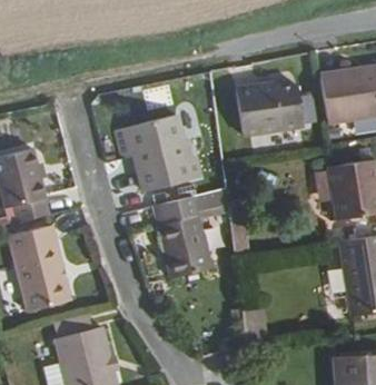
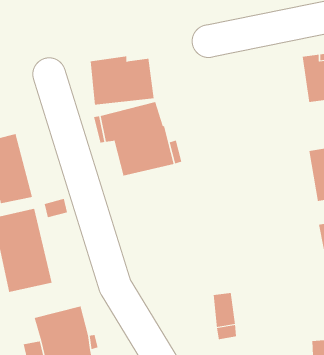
building: [227,79,293,129] -> [90,56,155,105]
building: [155,196,212,278] -> none

